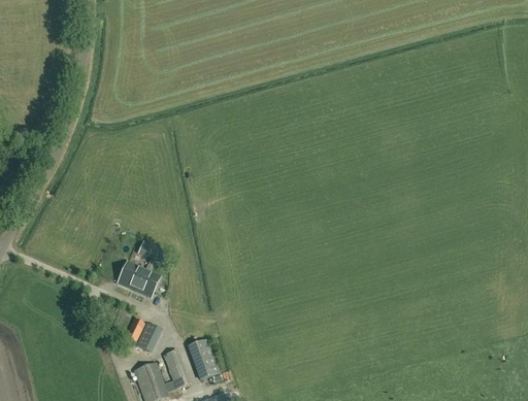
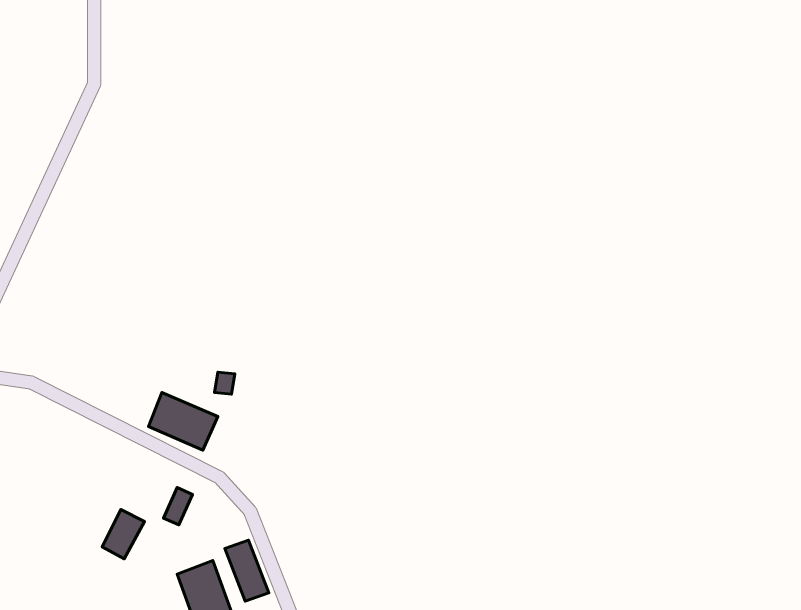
building: [135,322,161,352] -> [102,510,144,559]
building: [190,338,222,380] -> none

